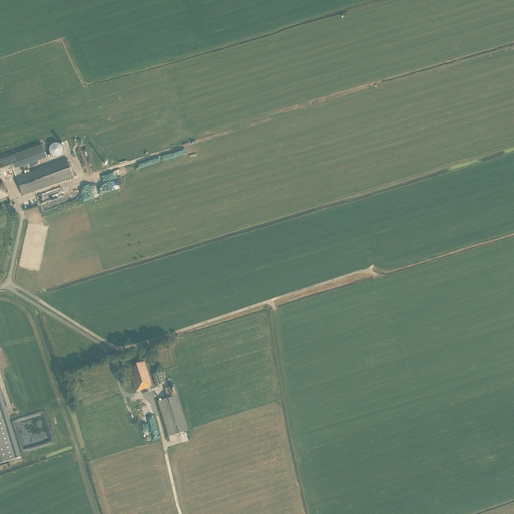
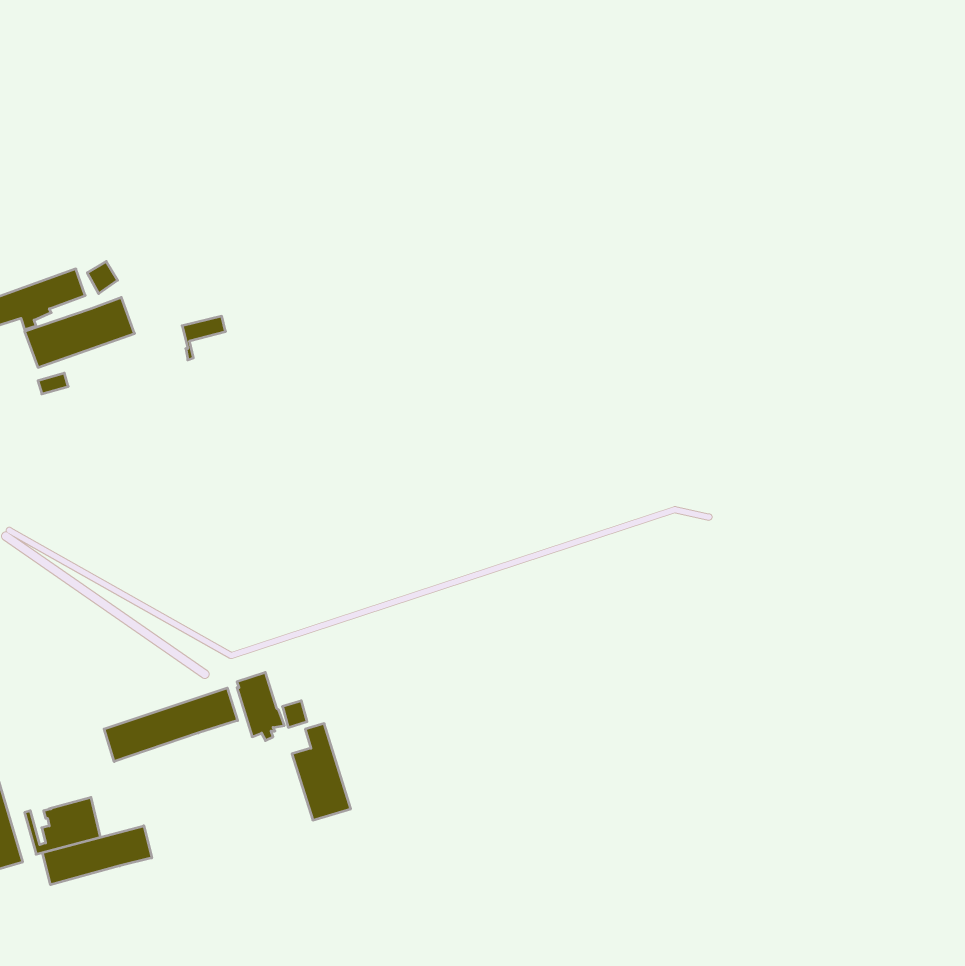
building: none -> [104,688,238,762]
building: none -> [43,826,152,885]

